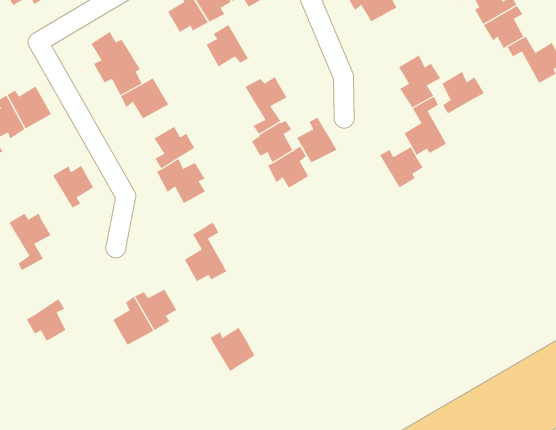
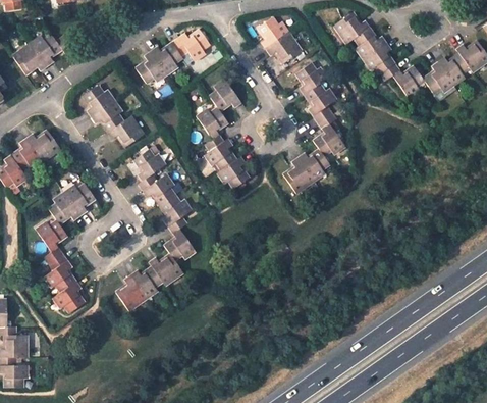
building: [206,24,249,67] -> [210,80,241,111]
building: [441,71,485,114] -> [297,63,329,95]
building: [296,117,338,163] -> [283,158,314,192]
building: none -> [49,193,80,224]
building: none -> [160,195,192,226]
building: none -> [45,253,75,293]
building: [210,327,255,372] -> [149,253,182,286]

